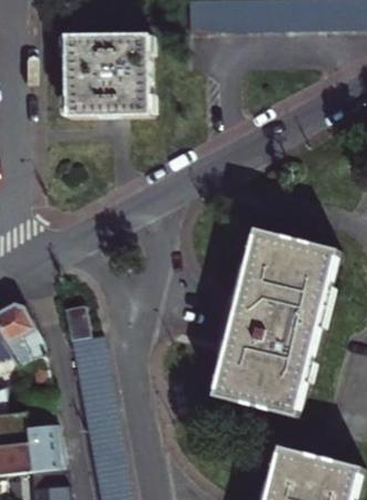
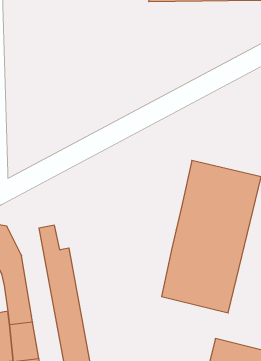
building: [72,39,156,121] -> none

